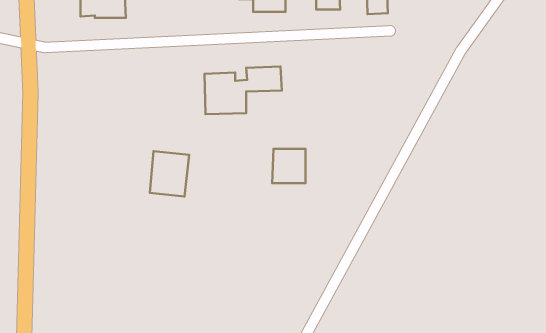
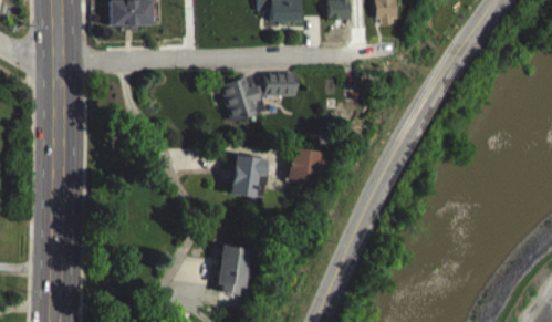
building: [150,151,189,196] -> [230,155,267,197]
building: none -> [217,246,247,295]

